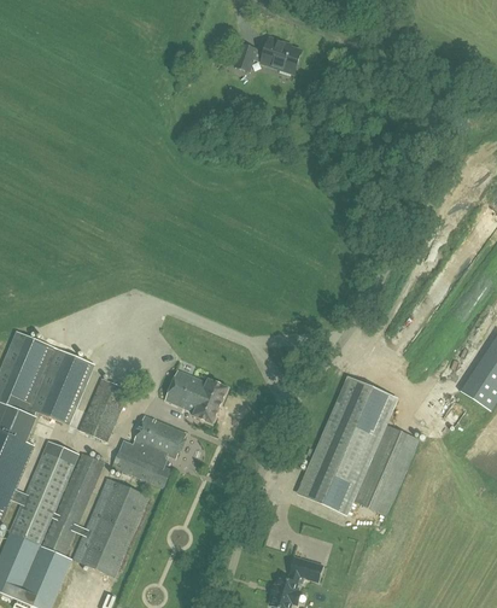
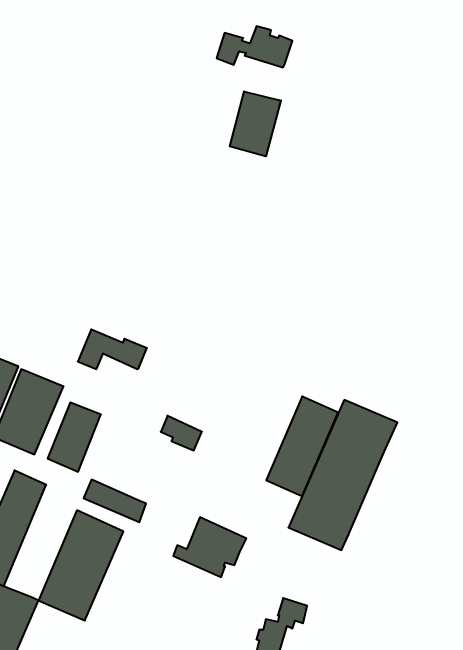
building: none -> [230,91,281,156]
building: [165,369,228,405] -> [78,329,147,369]
building: [119,414,186,468] -> [173,517,246,577]
building: [352,423,417,514] -> [266,396,338,496]
building: [42,454,104,555] -> none

